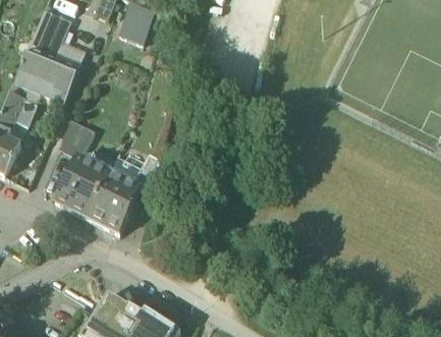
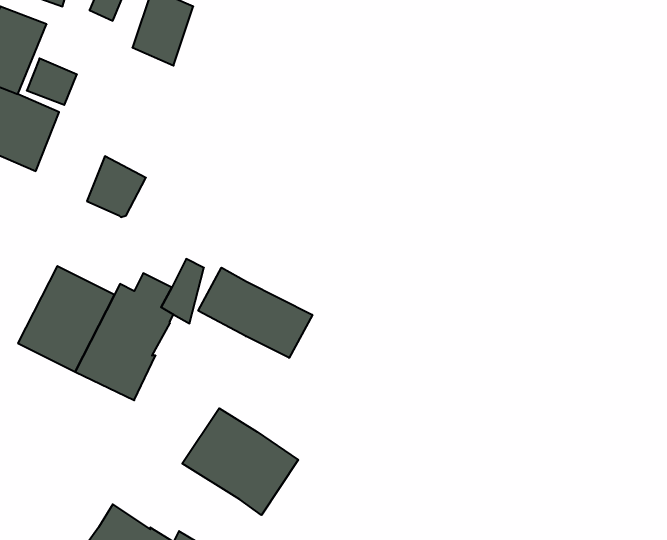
building: [61,118,95,153] -> [87,156,146,217]
building: none -> [198,268,312,358]
building: none -> [182,408,298,515]

